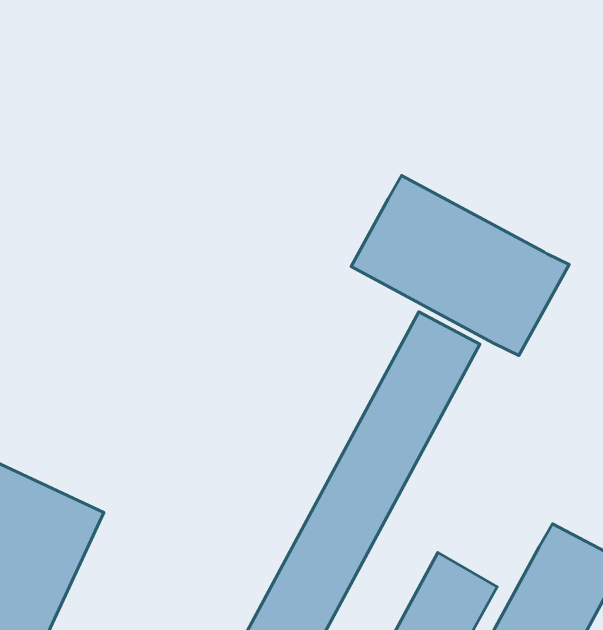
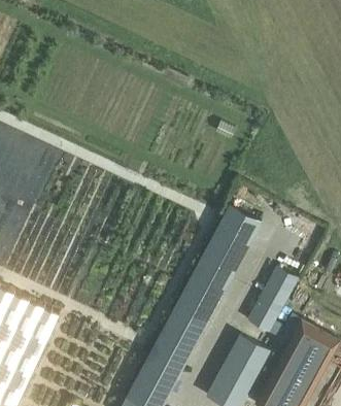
building: [351,175,569,355] -> none
building: none -> [245,269,297,336]

